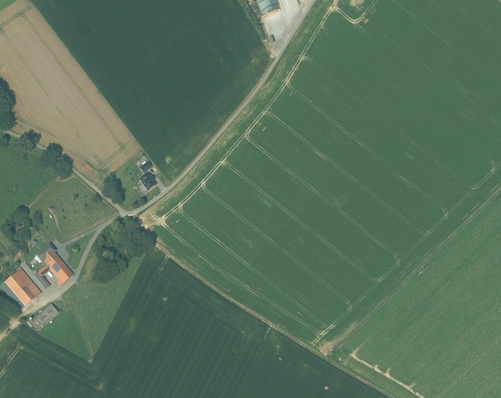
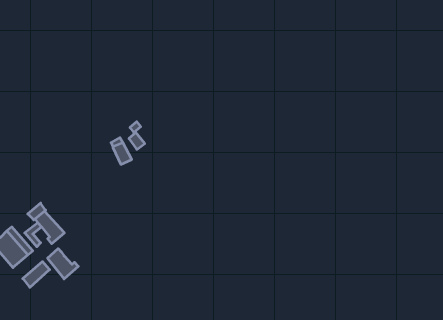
building: none -> [48,249,78,279]

